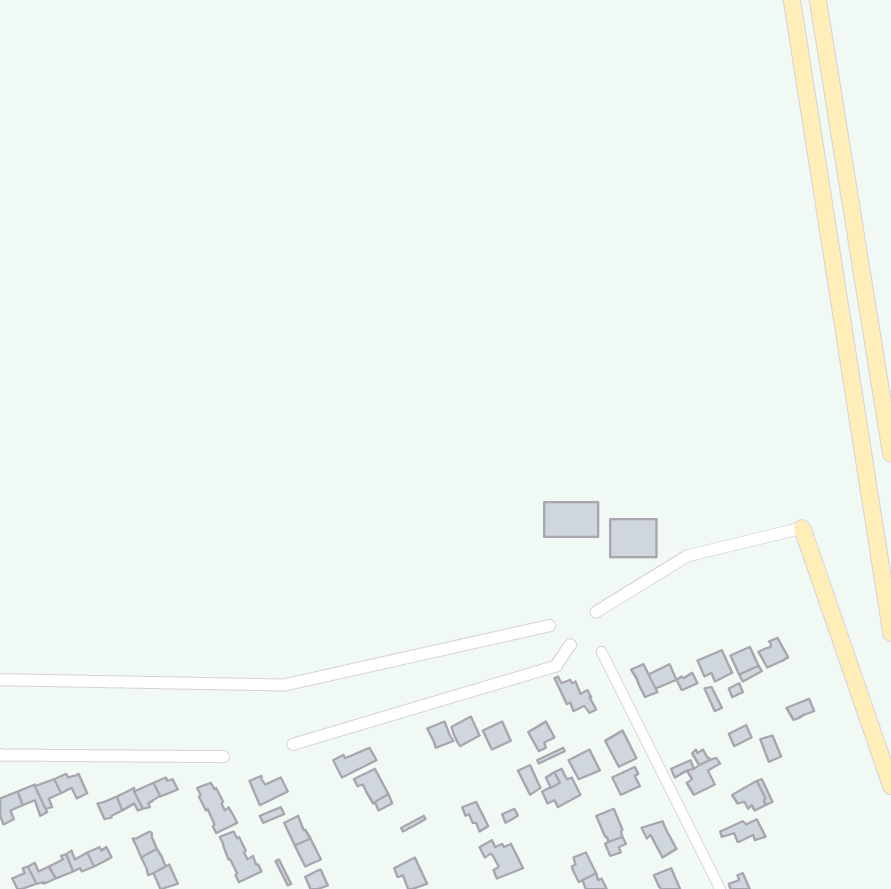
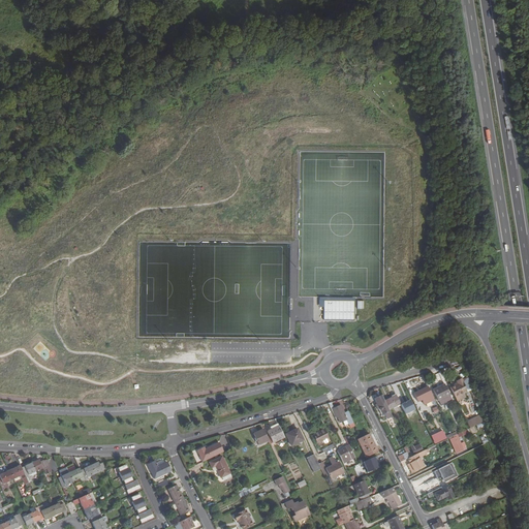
building: [610,519,657,557] -> none

